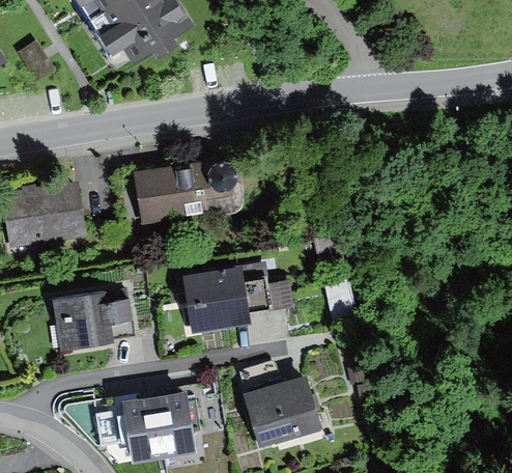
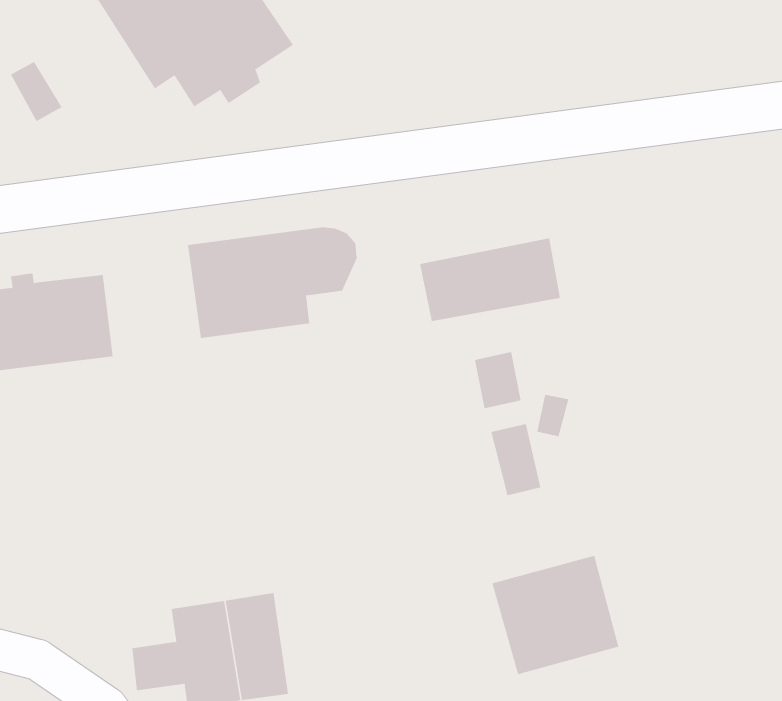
building: none -> [419,237,560,322]
building: [183,265,271,331] -> none
building: [51,286,132,352] -> none
building: [240,370,321,446] -> [491,555,619,675]

